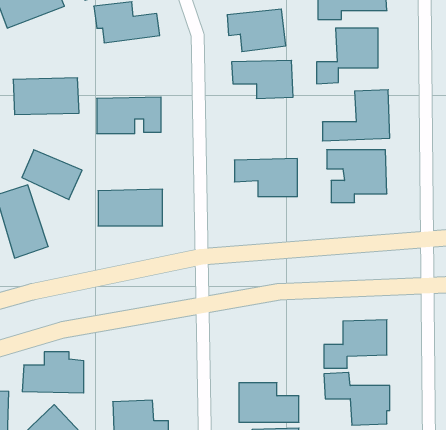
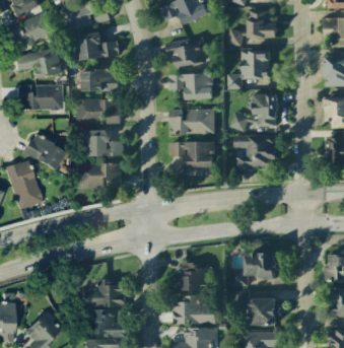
building: none -> [15,50,61,77]
building: none -> [82,69,121,91]
building: none -> [170,110,216,134]
building: none -> [81,130,124,156]
building: none -> [174,263,210,291]
building: [22,352,84,393] -> [83,279,126,307]

